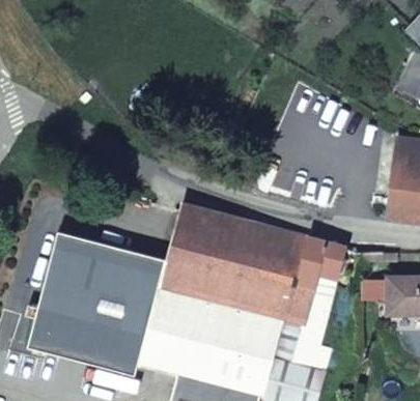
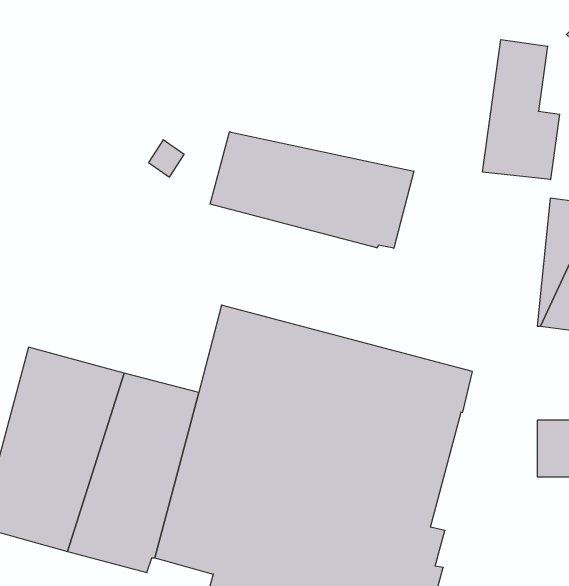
building: none -> [483,40,560,180]
building: none -> [210,132,414,248]

